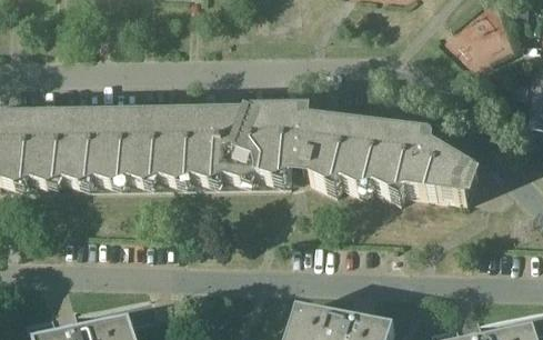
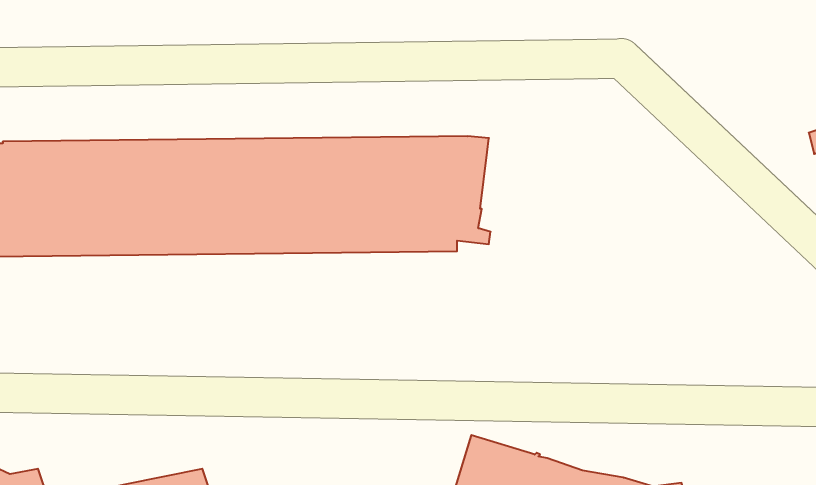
building: [303,113,476,192] -> none

